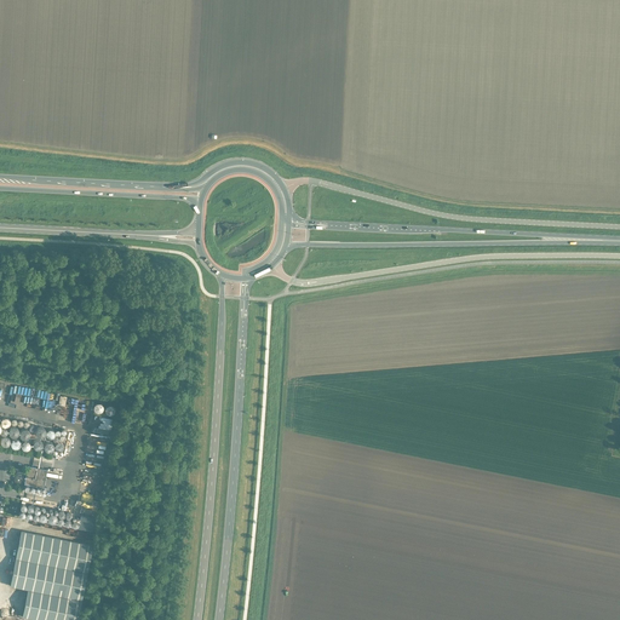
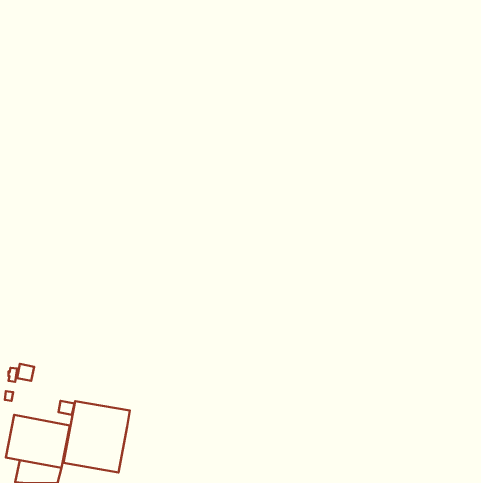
building: none -> [64,401,130,472]

